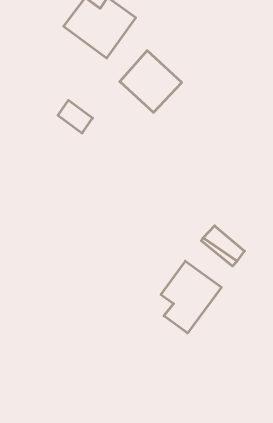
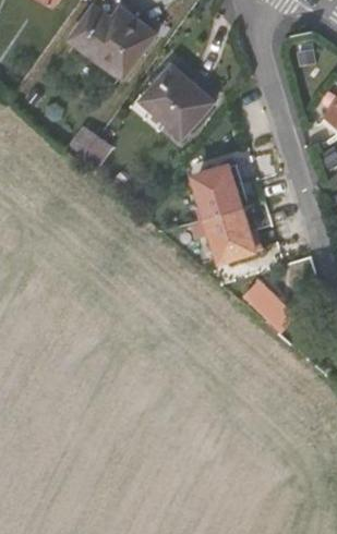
building: none -> [195,163,262,263]
building: [161,261,221,333] -> none

